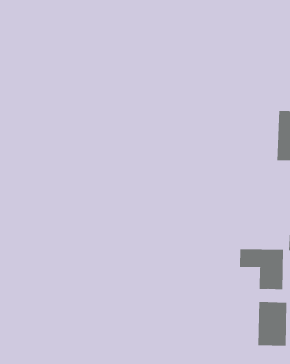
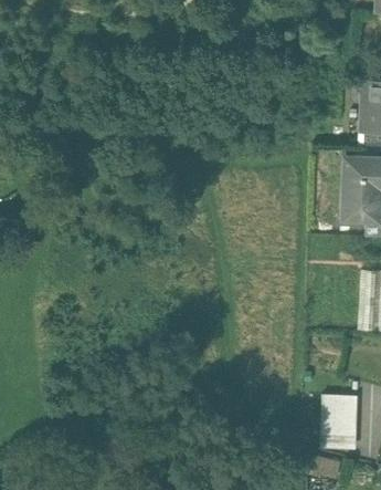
building: [240,248,283,290] -> none

